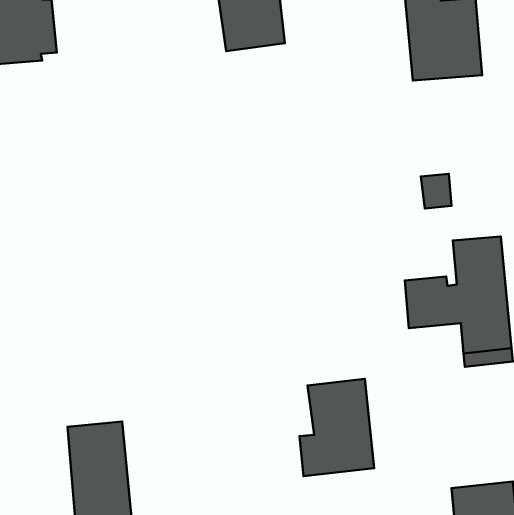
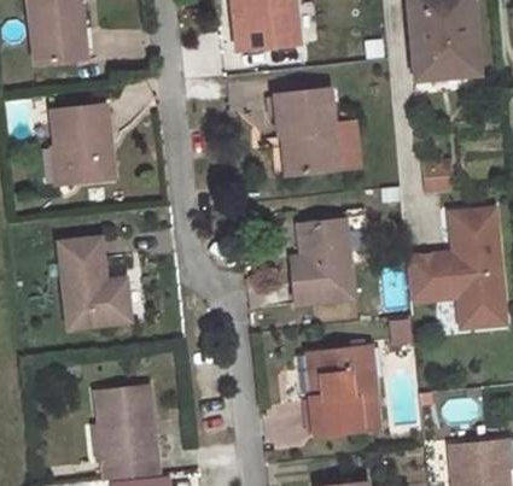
building: none -> [274,92,357,171]
building: none -> [48,105,110,180]
building: none -> [290,218,351,300]
building: none -> [63,238,132,324]

